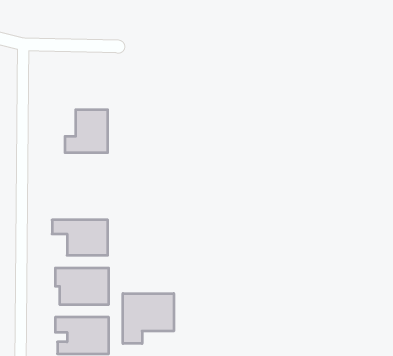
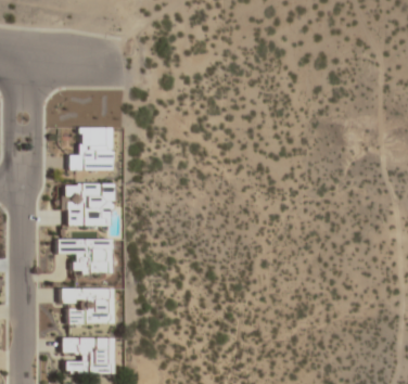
building: none -> [62,182,114,227]
building: [123,293,174,344] -> none

